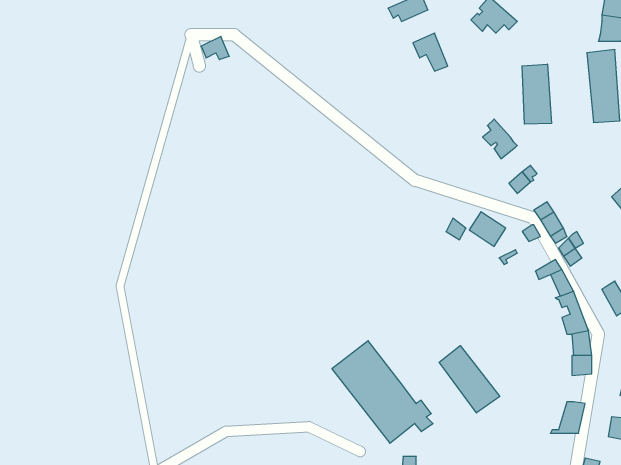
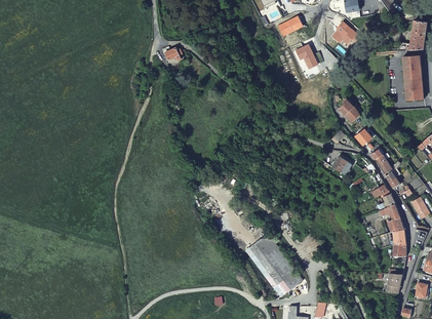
building: [522,64,551,124] -> none
building: [439,346,500,413] -> none

